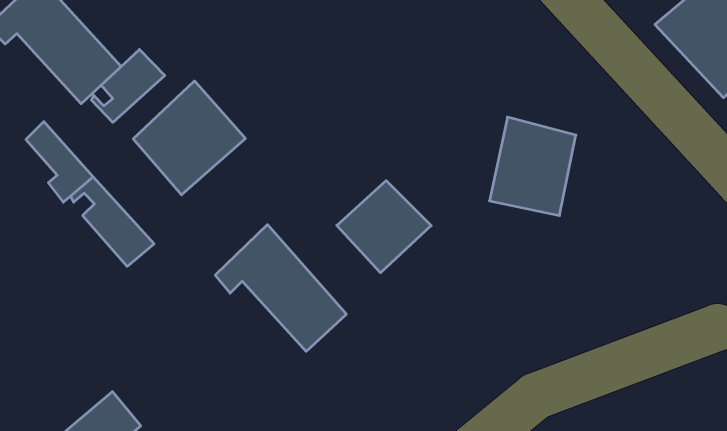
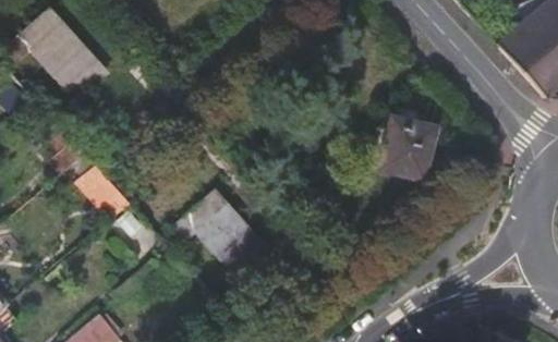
building: [91,49,165,122] -> none
building: [133,81,245,195] -> none
building: [337,181,431,273] -> none

